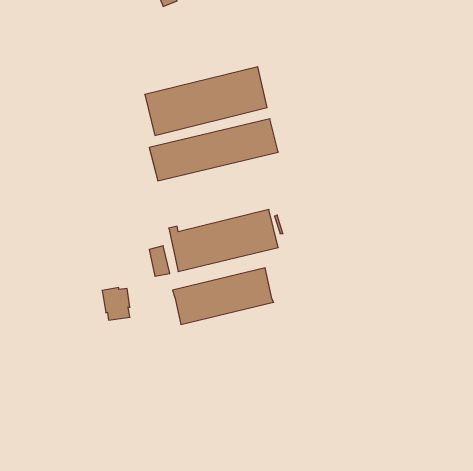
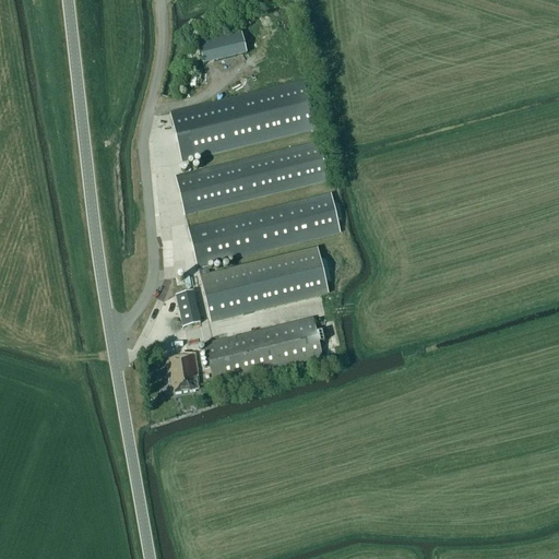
building: none -> [200,31,247,61]
building: none -> [189,192,341,265]
building: [102,288,130,320] -> [166,353,199,391]

